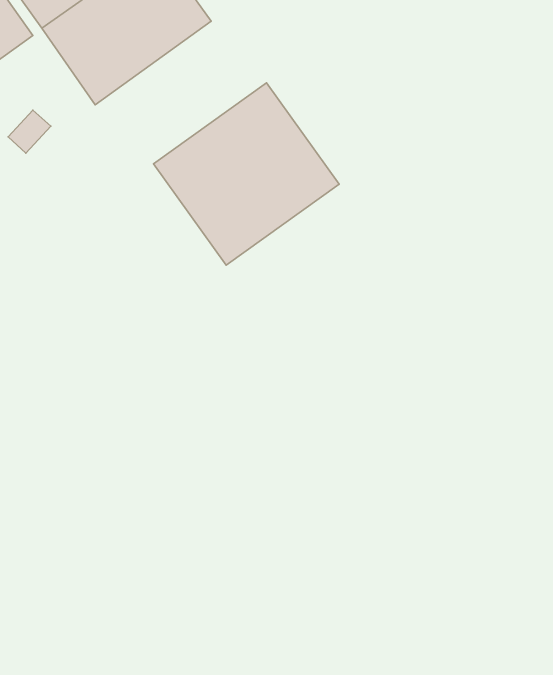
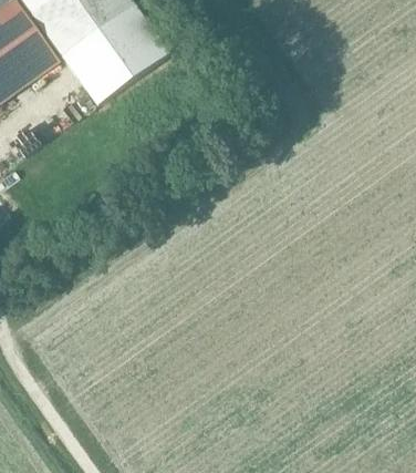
building: [154,83,339,265] -> none

